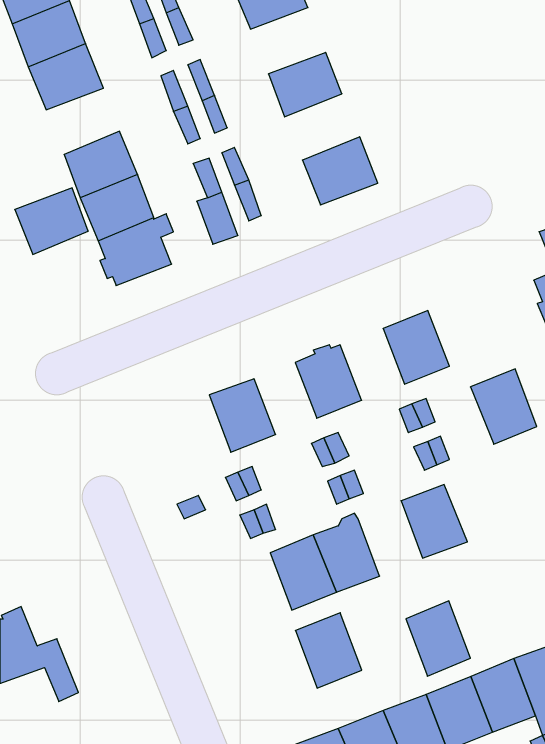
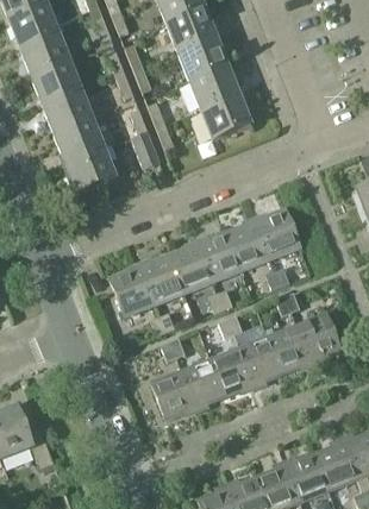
building: none -> [168,8,218,52]
building: none -> [190,65,240,109]
building: [15,188,88,254] -> [32,62,81,106]
building: none -> [227,221,270,269]
building: none -> [170,244,212,291]
building: [470,369,537,444] -> [296,313,340,363]
building: none -> [111,265,155,315]
building: [406,601,470,676] -> [239,335,282,385]
building: [295,613,362,688] -> [151,370,195,420]

